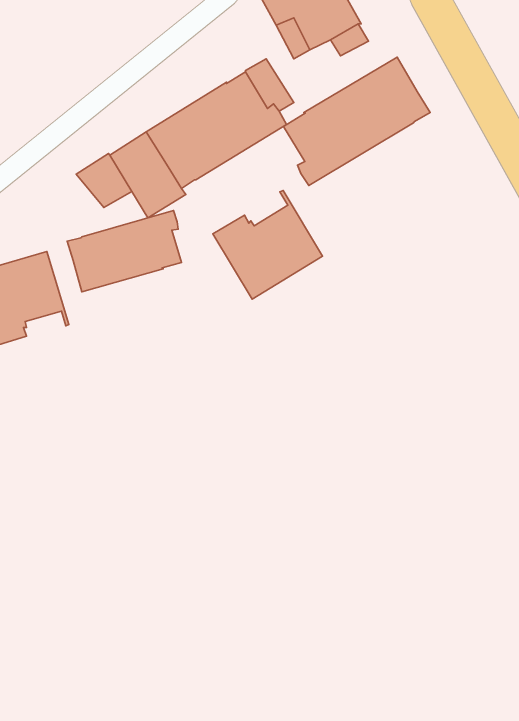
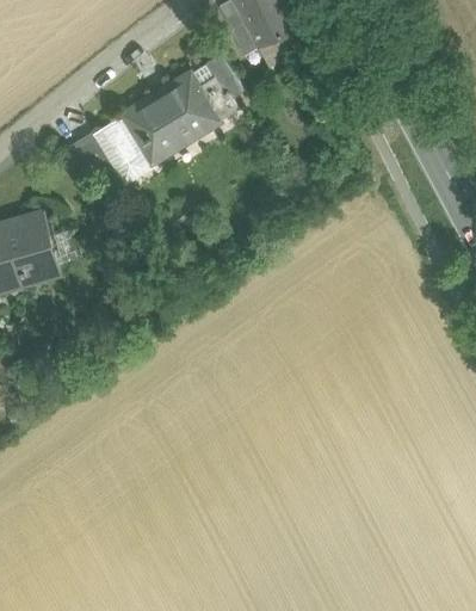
building: [283,57,430,186] -> none
building: [213,191,322,299] -> none
building: [67,210,181,292] -> none

